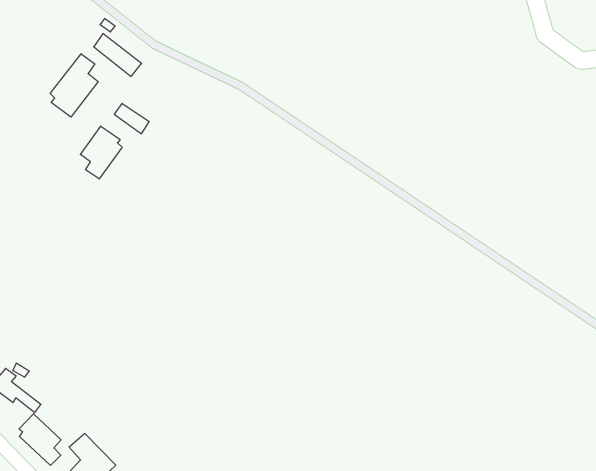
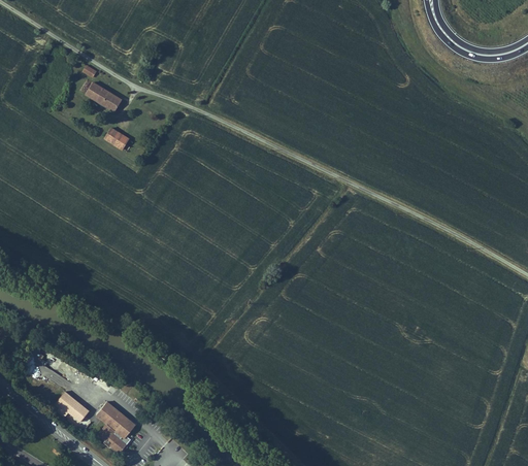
building: [50,54,98,117] -> none
building: [80,126,122,179] -> none

